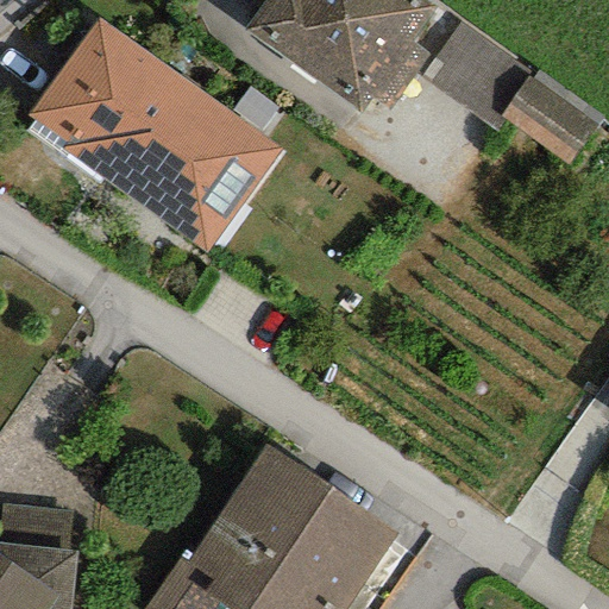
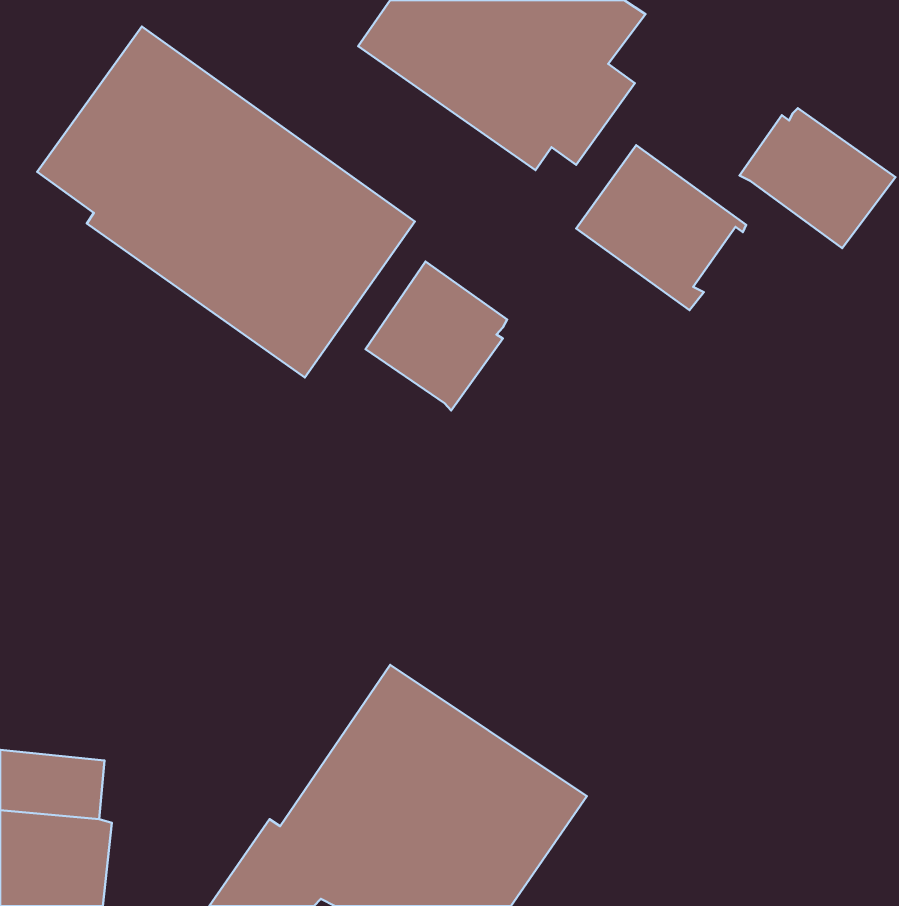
building: [422,23,536,133] -> [576,145,746,310]
building: none -> [365,261,507,411]

